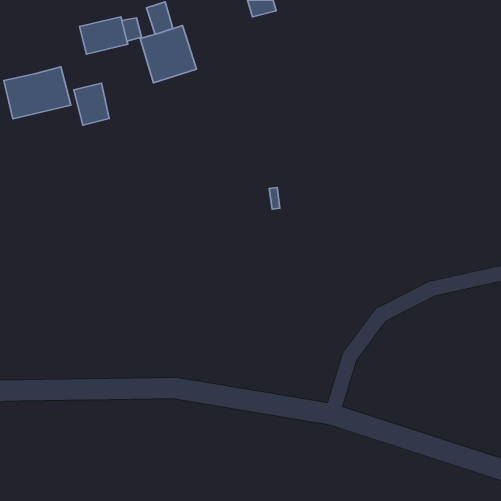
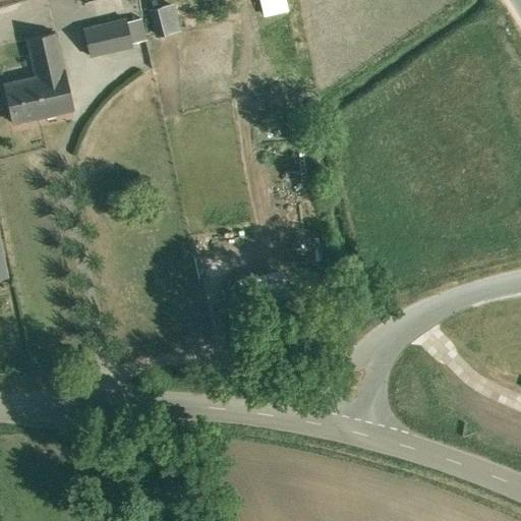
building: [140,26,197,83] -> none
building: [74,83,109,125] -> [27,34,64,77]

